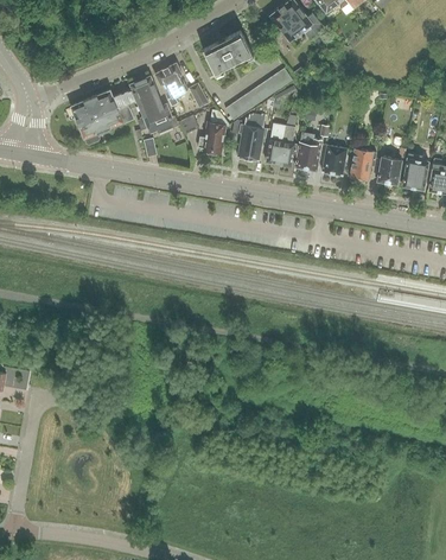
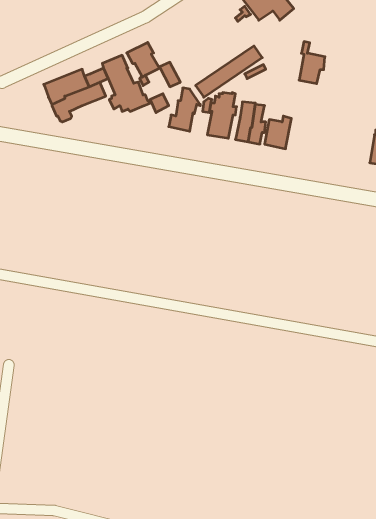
building: [203,30,251,72] -> none
building: [350,136,376,179] -> [299,42,325,84]
building: [323,145,348,174] -> none
building: [377,155,402,185] -> none

